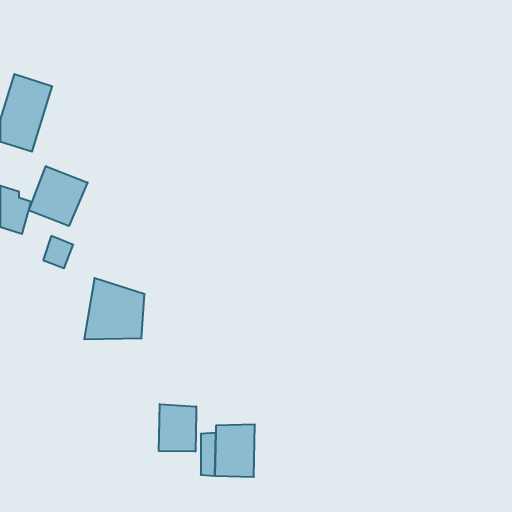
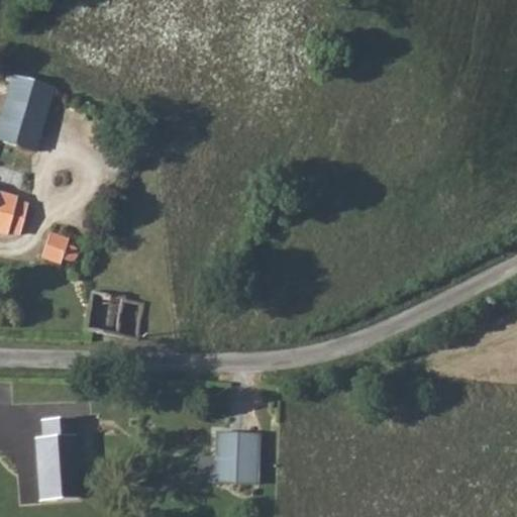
building: [29,166,88,226] -> none
building: [159,404,196,452] -> none
building: none -> [30,417,73,499]

